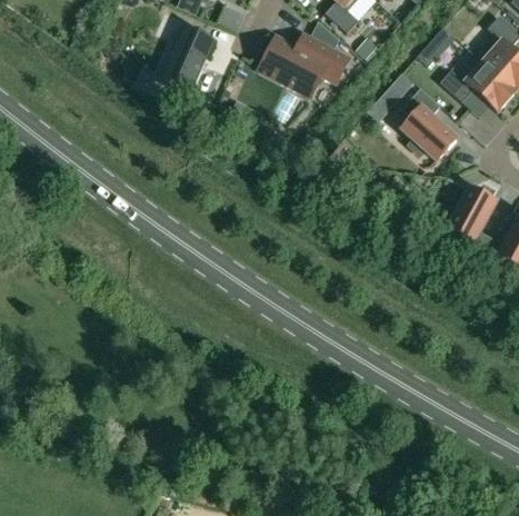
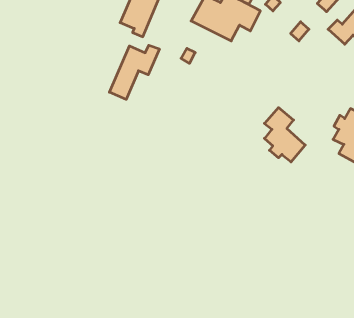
building: [402,88,457,160] -> [264,108,305,162]
building: none -> [109,45,159,99]

